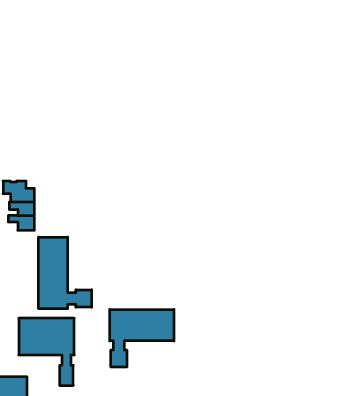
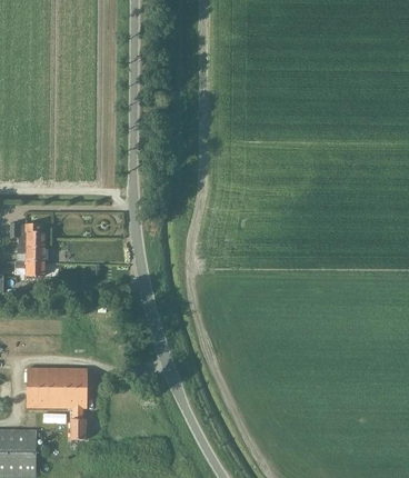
building: [39,237,92,309] -> none
building: [110,309,174,367] -> none

